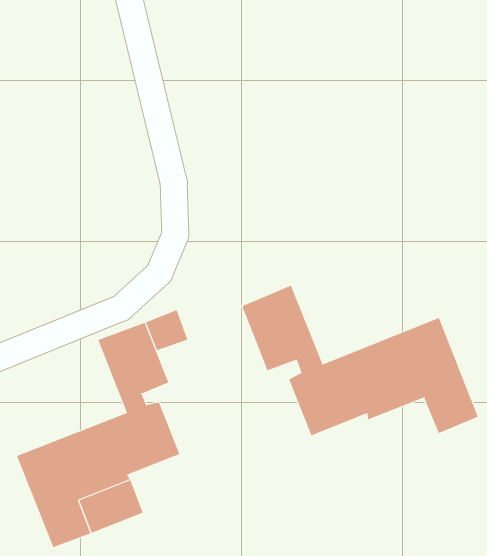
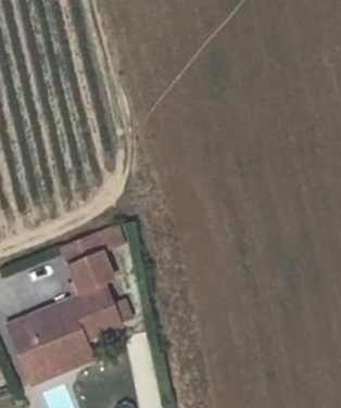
building: [241,285,479,436] -> none

